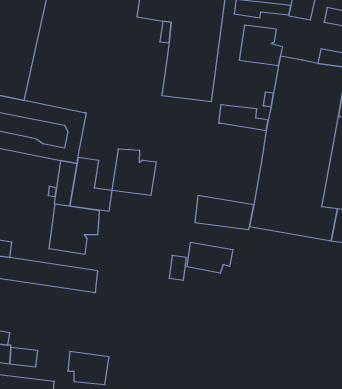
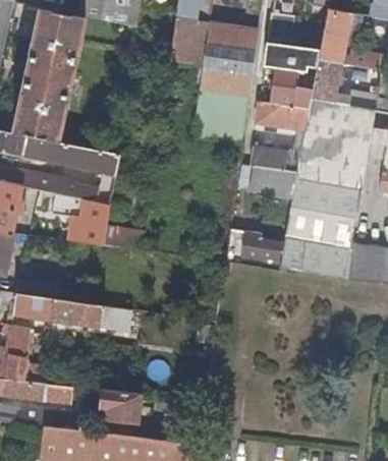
building: none -> [311,59,340,103]
building: none -> [256,101,309,130]
building: none -> [250,165,296,198]
building: [112,149,156,196] -> none
building: [49,204,99,254] -> none
building: [187,242,233,273] -> none

